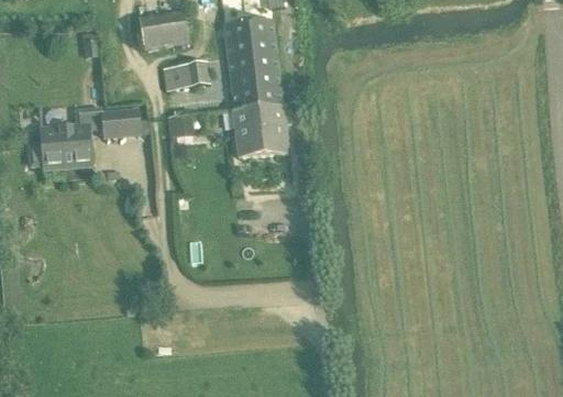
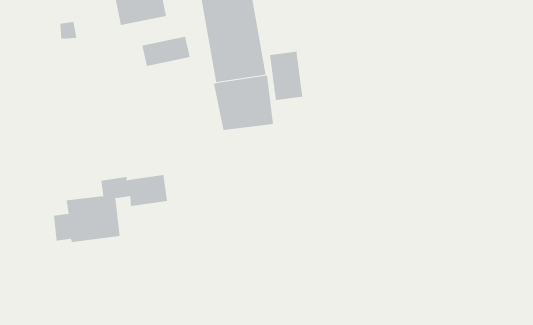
building: none -> [269,51,303,101]
building: [27,106,141,167] -> [53,174,168,242]

